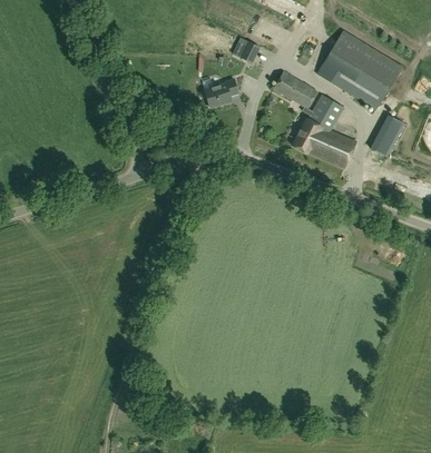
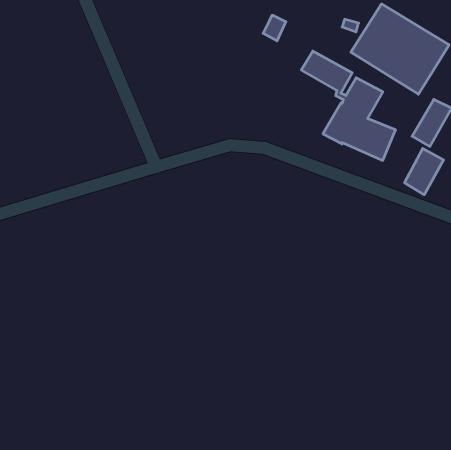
building: [204,79,238,107] -> none
building: none -> [405,148,444,195]

